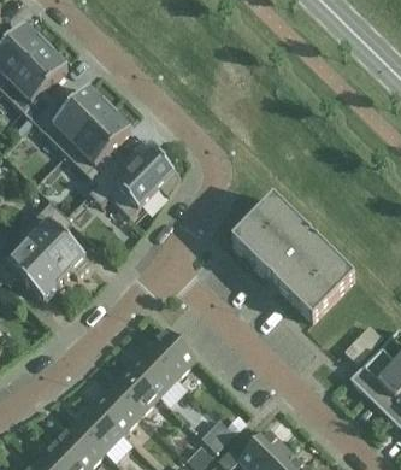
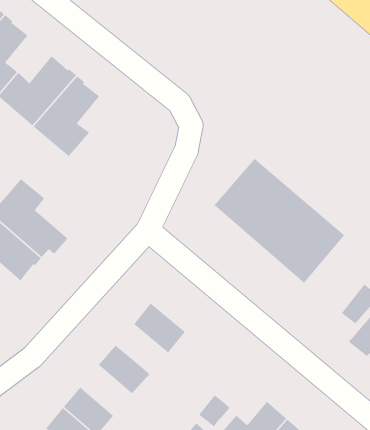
building: [89,148,181,216] -> none
building: [129,346,178,394] -> none
building: [93,382,141,431] -> none

